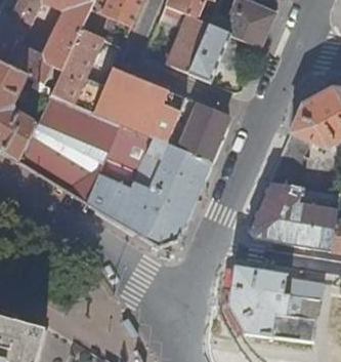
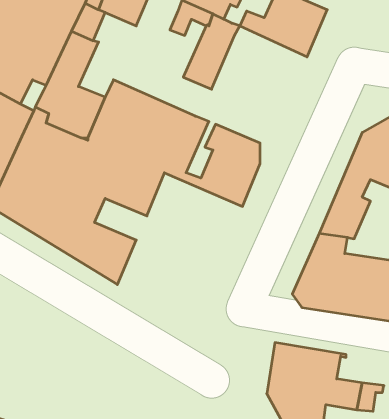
building: [187,25,260,82] -> none
building: [116,136,211,247] -> none

